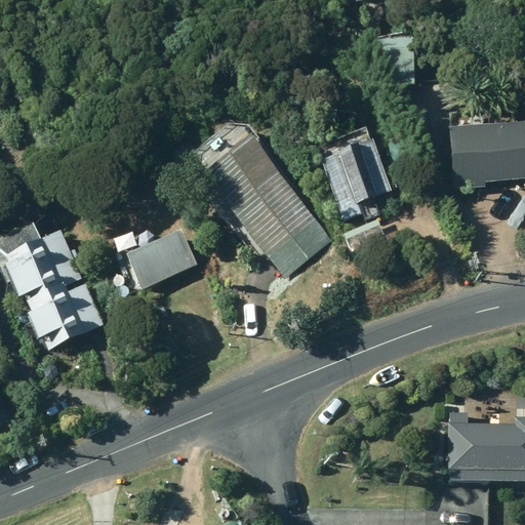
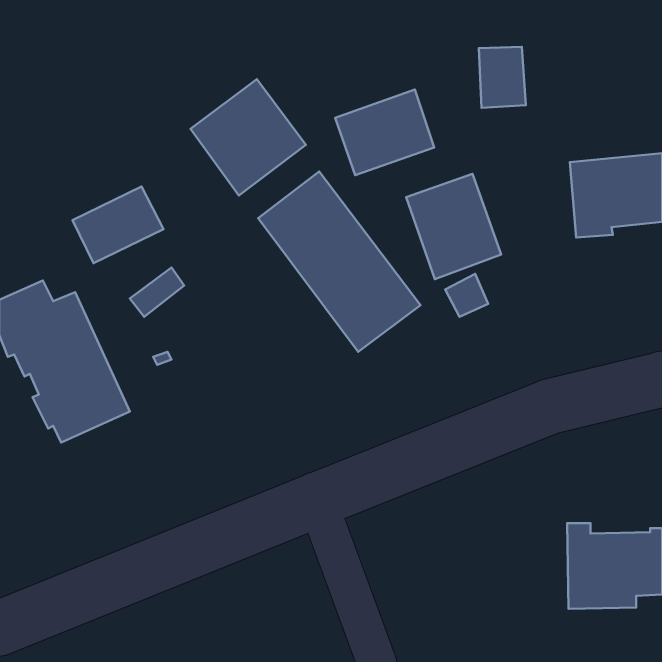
building: none -> [190,79,306,195]
building: none -> [335,89,434,175]
building: [126,229,198,289] -> [73,186,163,263]

